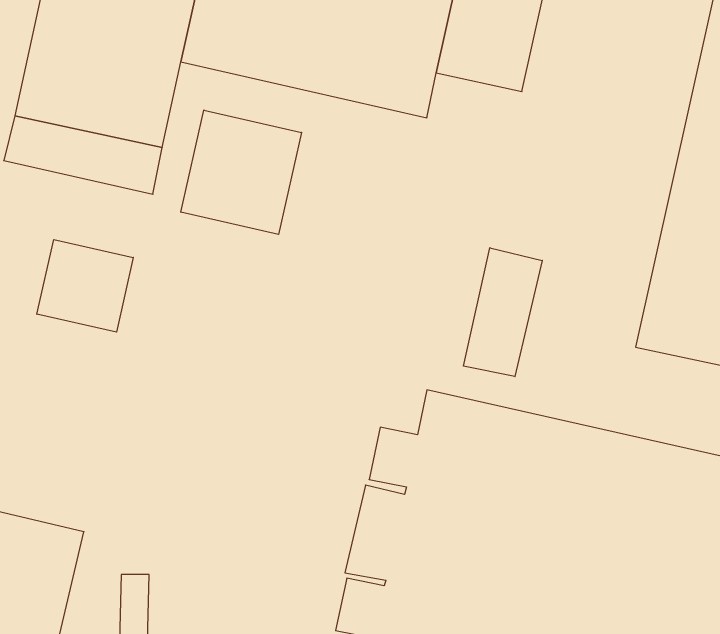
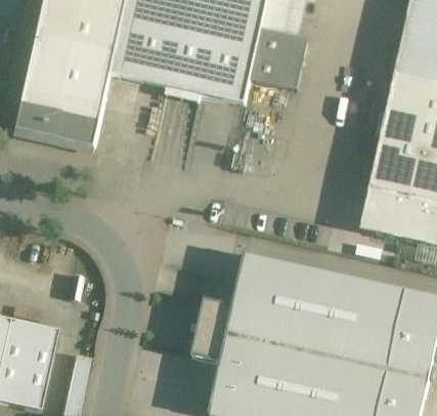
building: [181,110,302,234] -> none
building: [37,240,133,332] -> none
building: [464,248,542,377] -> none

